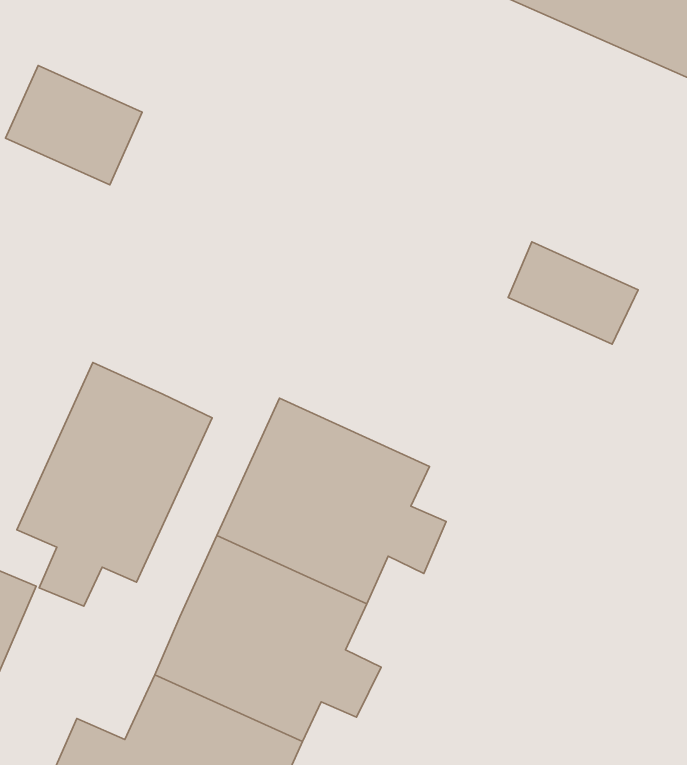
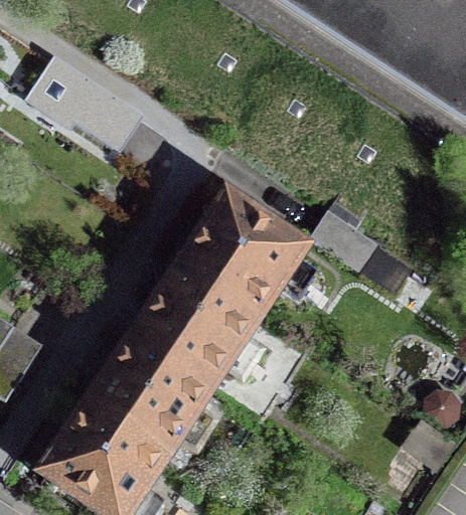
building: none -> [180,193,314,309]
building: [17,362,212,606] -> none

